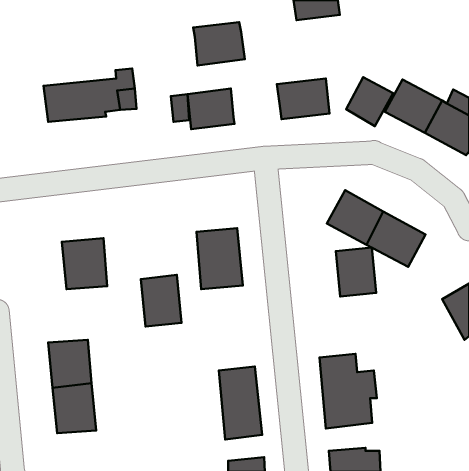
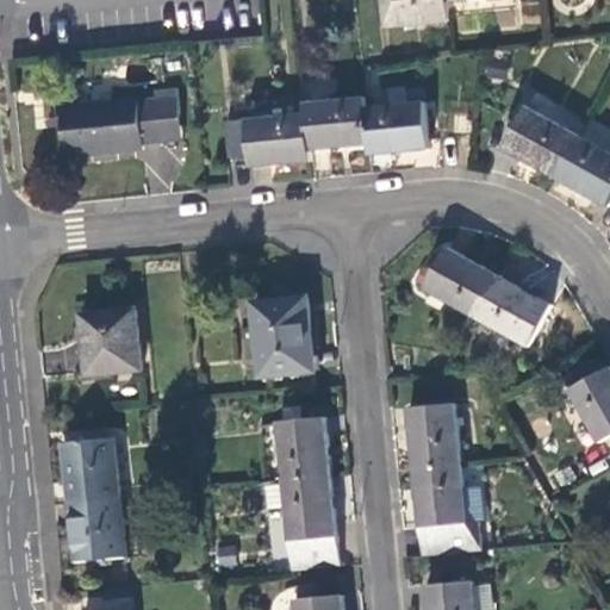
building: [193,22,245,66] -> [295,97,362,152]
building: [346,77,393,126] -> none
building: [336,247,376,296] -> [406,399,459,462]
building: [141,275,181,326] -> [276,412,329,479]

